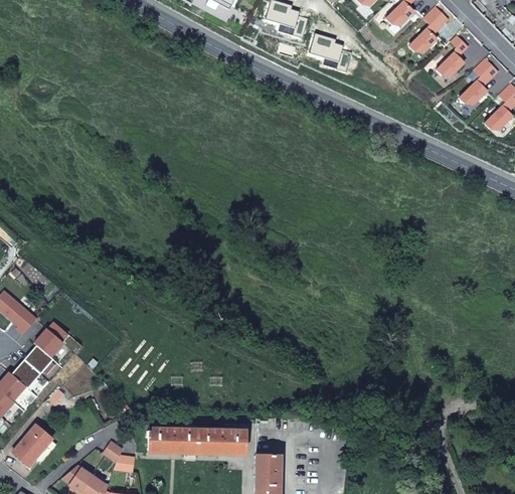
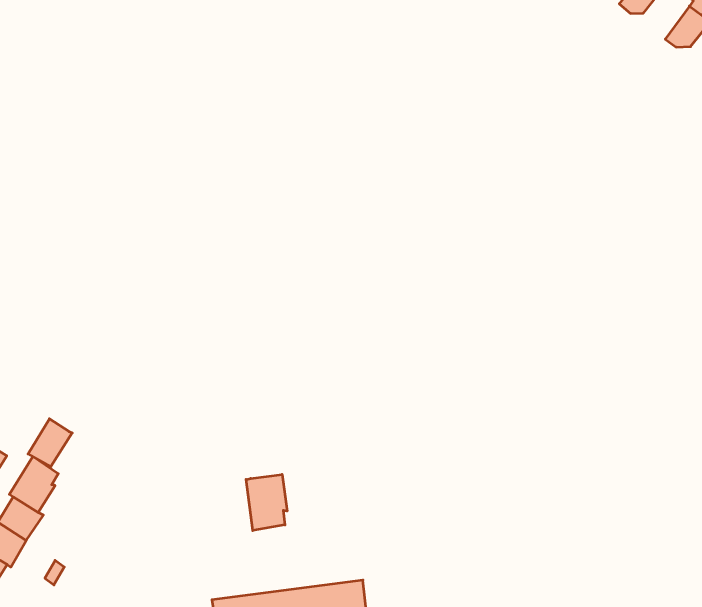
building: none -> [28,419,72,467]
building: none -> [246,474,287,531]

